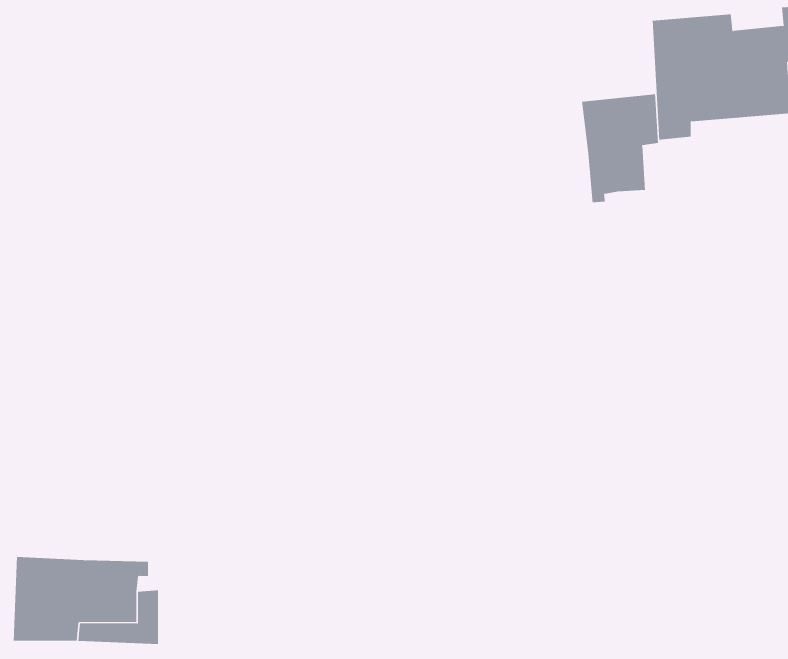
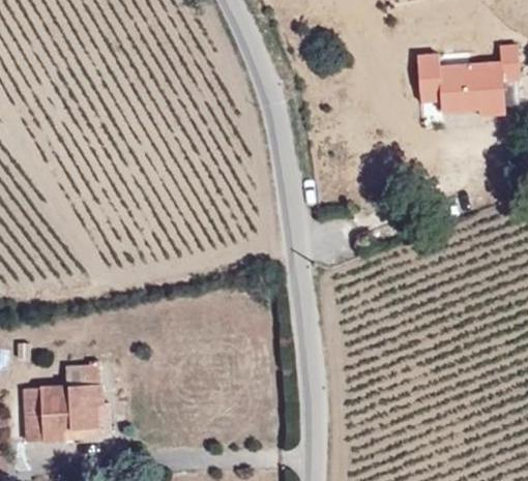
building: [582,94,659,203] -> none
building: none -> [64,363,106,390]

